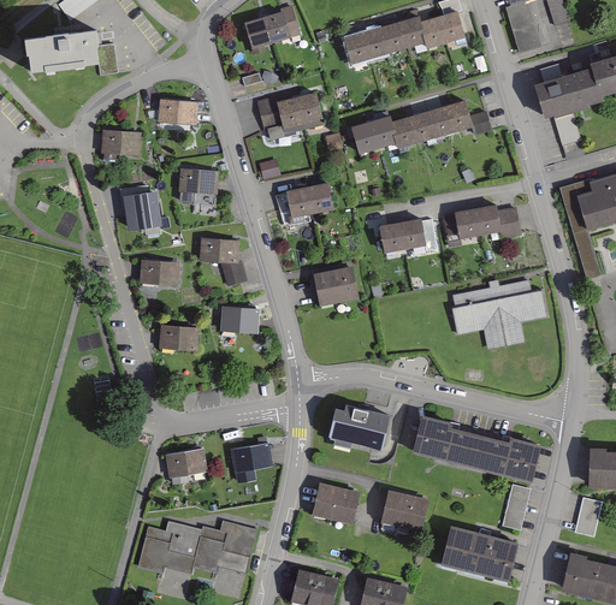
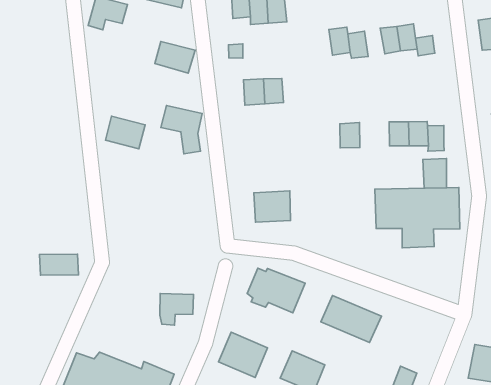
building: [409,113,436,147] -> none
building: [349,124,378,158] -> none
building: [124,194,165,223] -> none
building: [377,226,403,256] -> none
building: none -> [423,158,447,188]
building: [310,268,356,309] -> [254,191,291,222]
building: [221,304,263,338] -> none
building: [161,324,202,355] -> none
building: [470,432,538,479] -> none
building: [160,445,207,475] -> [39,254,78,275]

